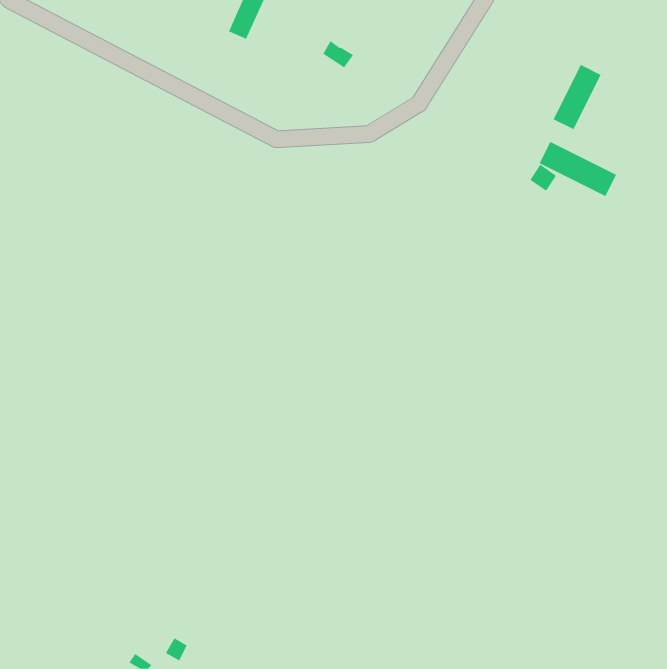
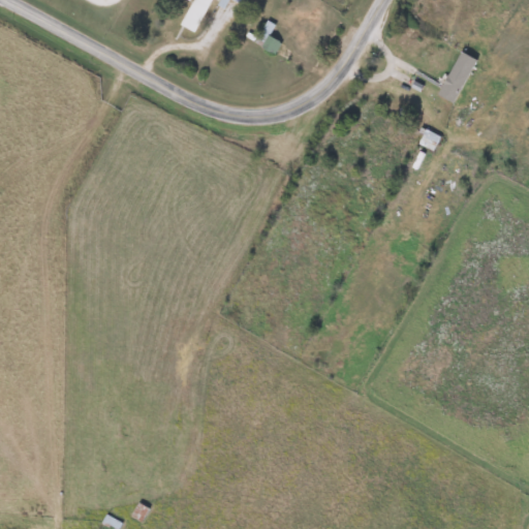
building: [539,141,617,197] -> none

